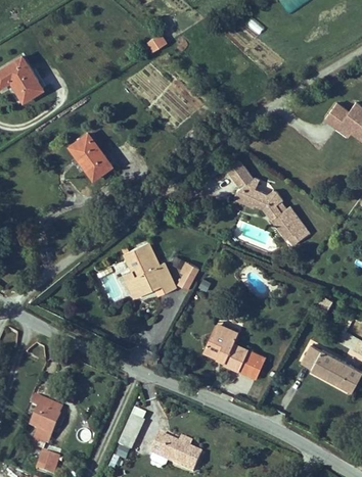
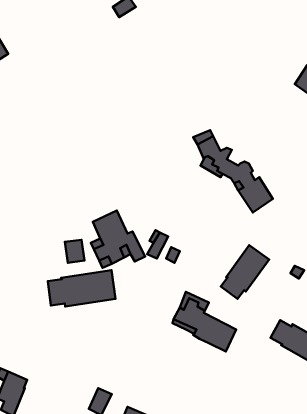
building: [71,134,112,180] -> none
building: none -> [221,245,269,299]
building: none -> [48,270,115,306]

